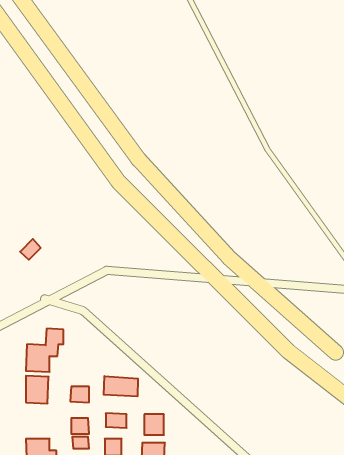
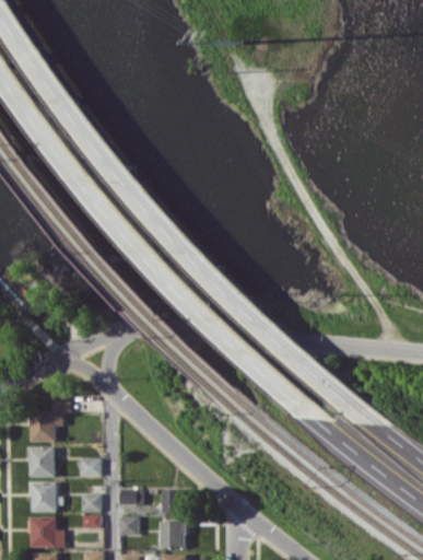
building: [104,376,138,396] -> none
building: none -> [31,482,57,512]

